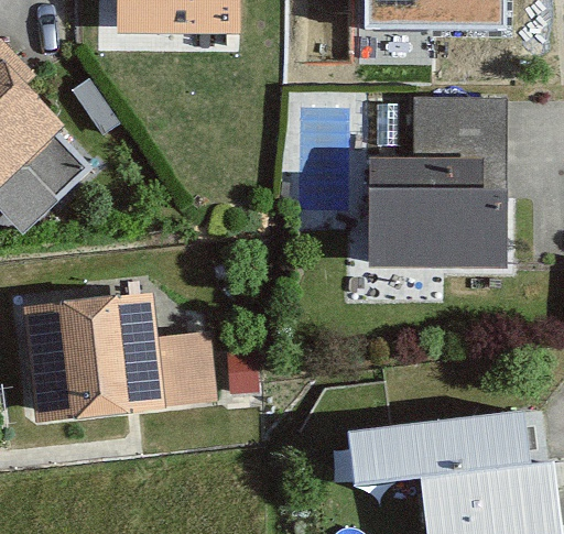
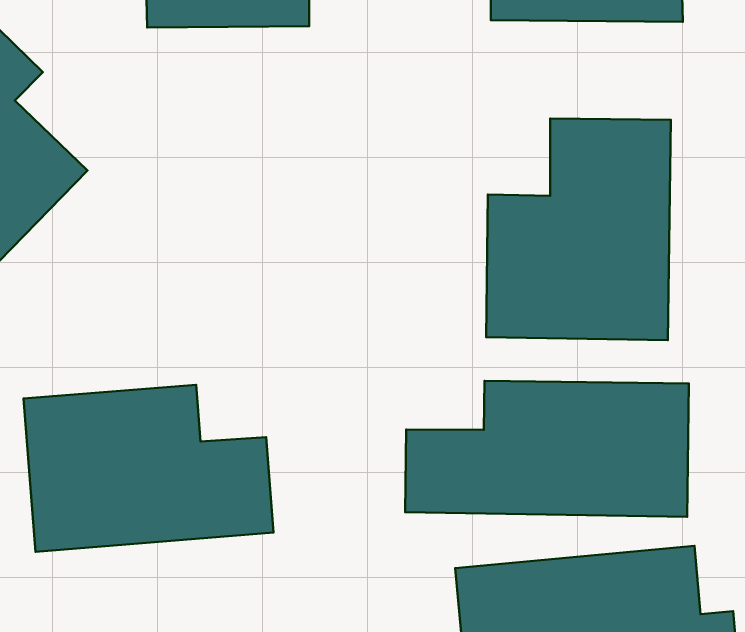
building: none -> [405,381,689,517]

